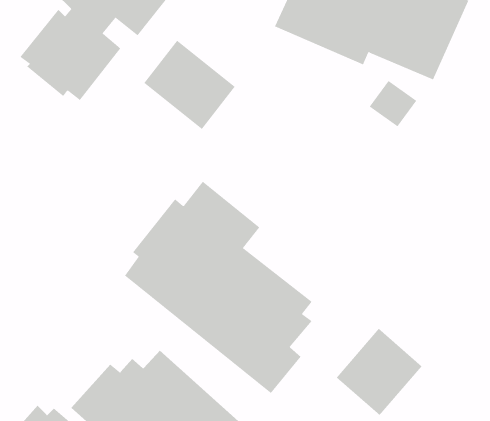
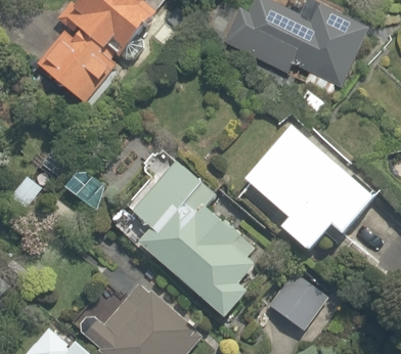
building: [143,40,236,130] -> none
building: none -> [242,125,369,251]

